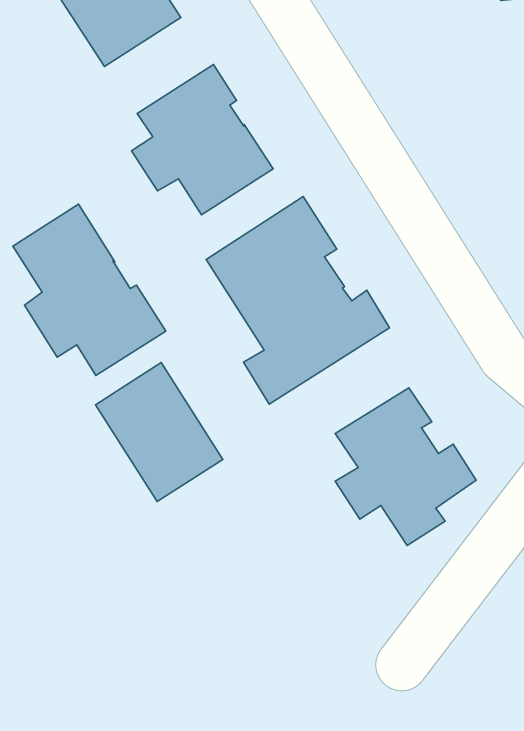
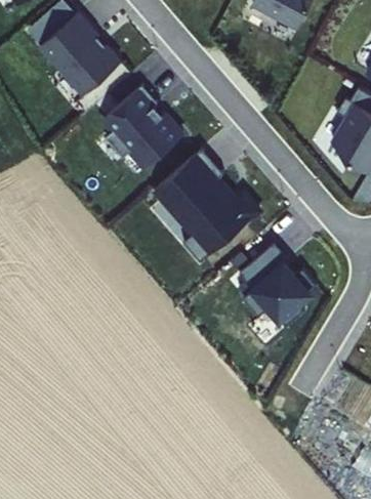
building: [13,204,166,375] -> none
building: [96,363,223,502] -> none

